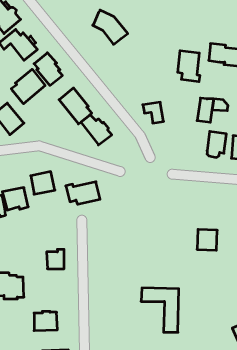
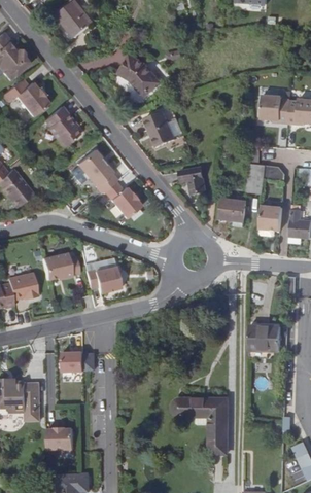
building: [178,51,200,82] -> none
building: none -> [143,111,171,147]
building: [11,69,45,104] -> none
building: none -> [218,197,246,225]

